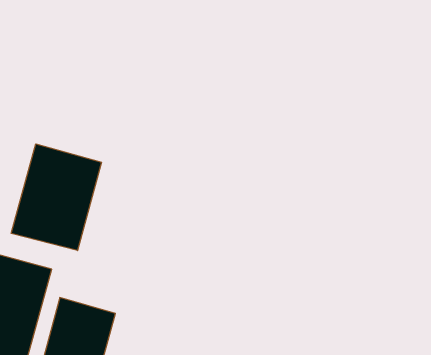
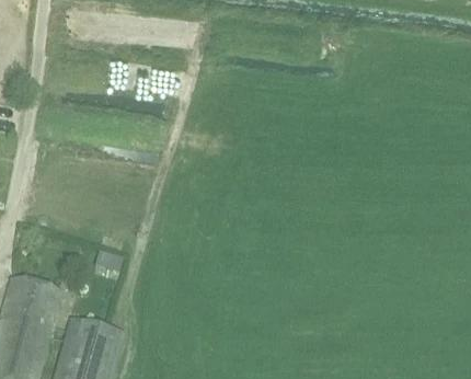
building: [11,144,102,251] -> none

